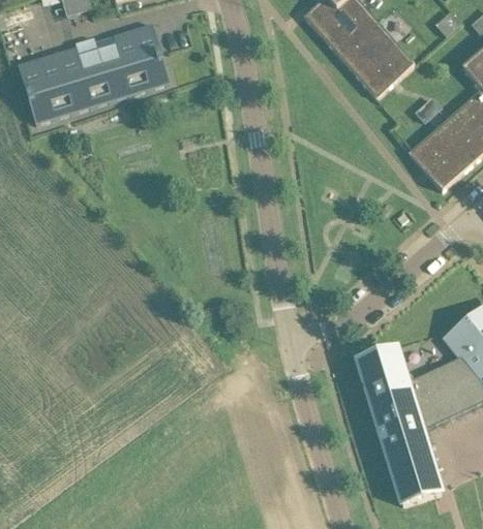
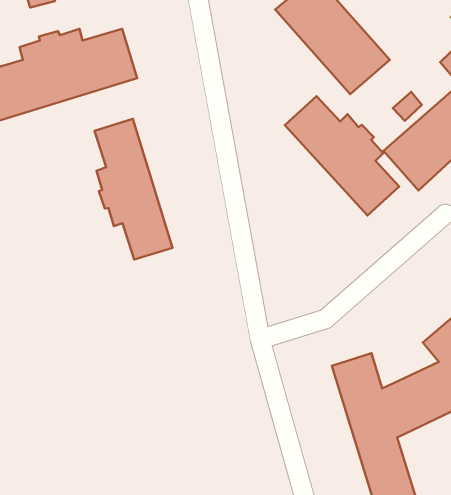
building: none -> [285,96,399,216]
building: none -> [95,119,172,260]

